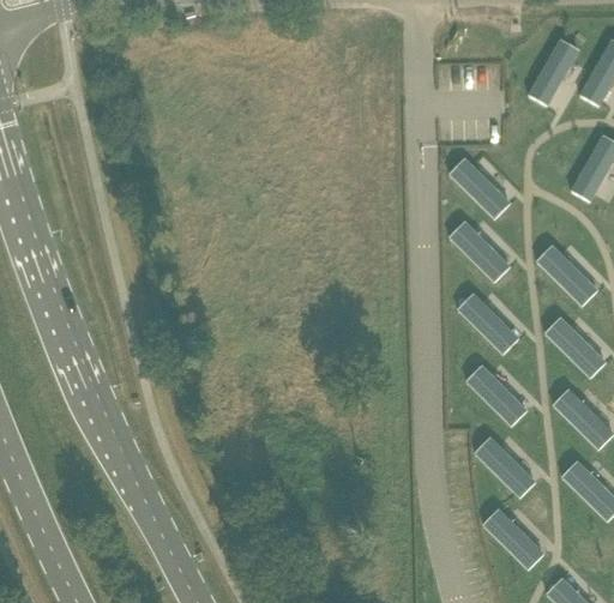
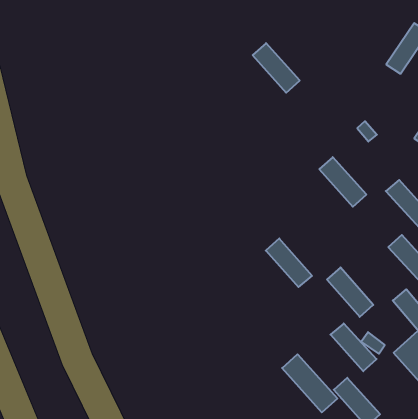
building: [449,156,512,219] -> [253,43,300,93]
building: [457,291,519,354] -> [266,238,312,287]
building: none -> [282,354,337,412]

